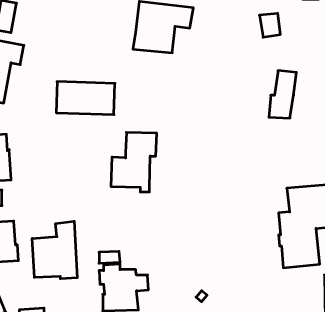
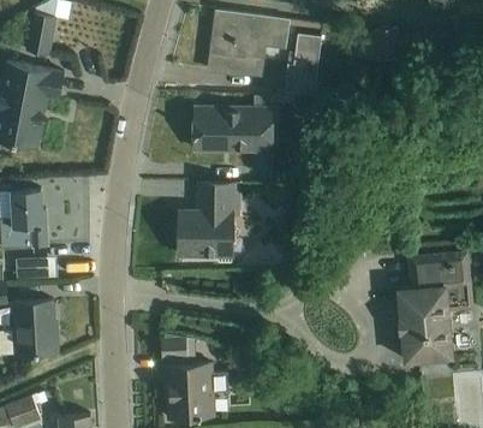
building: [269,71,296,118] -> [285,32,321,95]
building: [56,82,115,115] -> [192,107,269,150]
building: [32,221,77,279] -> none

